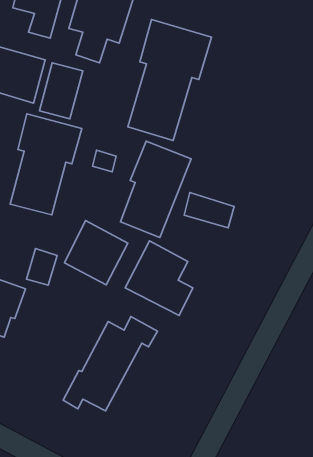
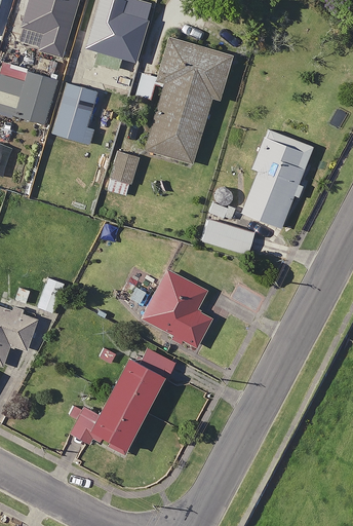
building: [10,114,82,215] -> none
building: [120,141,191,238] -> [240,127,314,228]
building: [64,220,128,285] -> none

